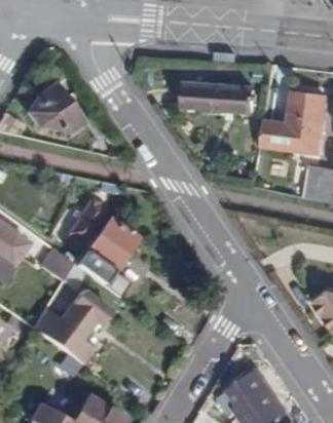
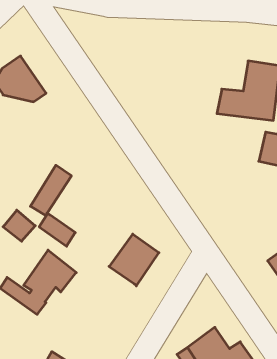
building: [186,81,256,111] -> none
building: [84,218,137,272] -> [109,234,159,286]

